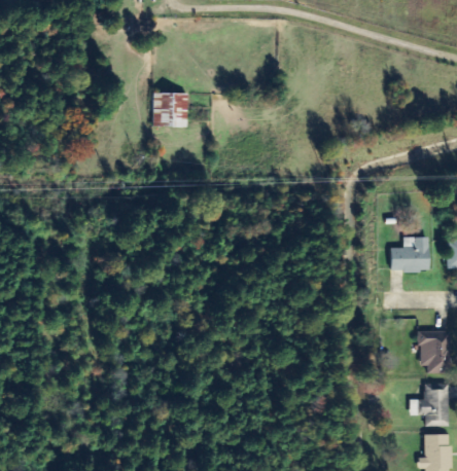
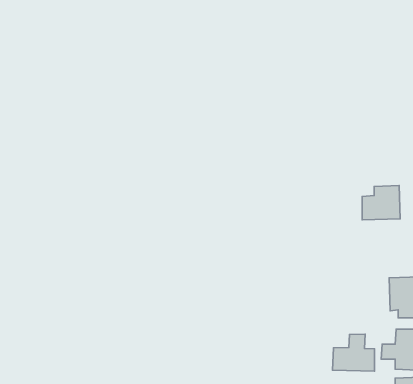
building: [151,92,187,126] -> none
building: none -> [332,334,375,371]

